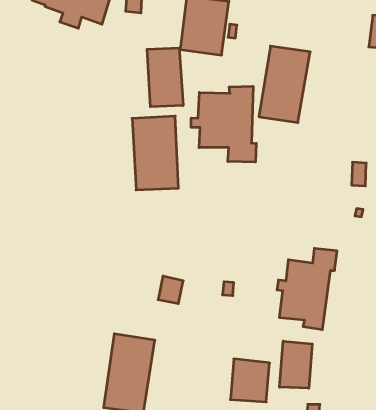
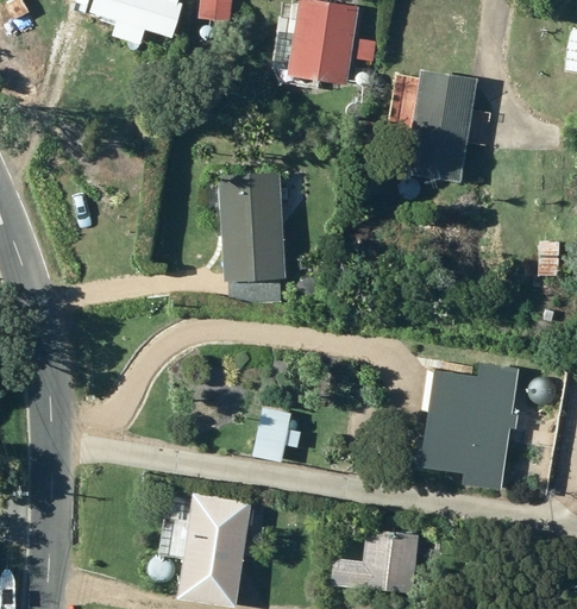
building: [147,48,183,107] -> none
building: [191,86,256,162] -> none
building: [280,341,312,388] -> none

